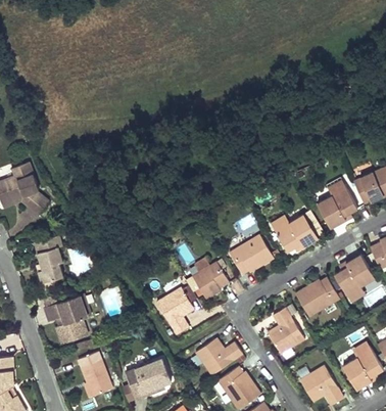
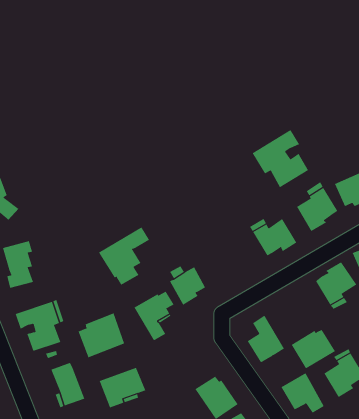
building: none -> [252,129,309,188]
building: none -> [98,226,150,285]
building: [230,233,275,273] -> none
building: [297,278,341,317] -> [291,329,336,369]
building: none -> [78,313,125,358]
building: [193,340,238,377] -> none

